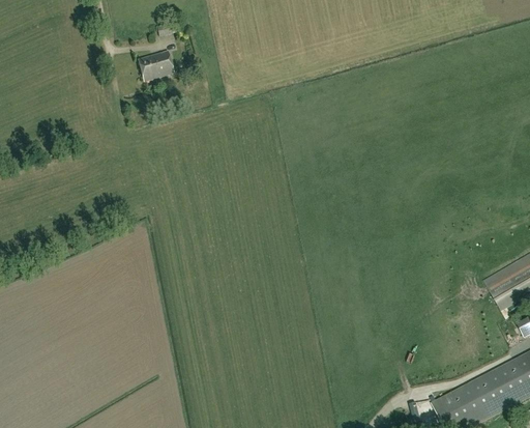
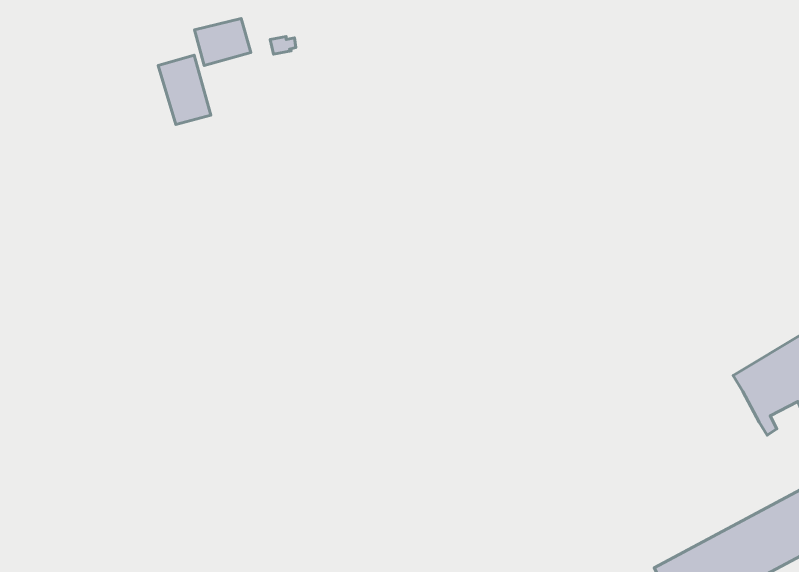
building: none -> [158,55,211,124]

